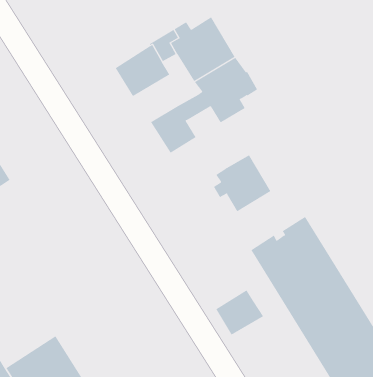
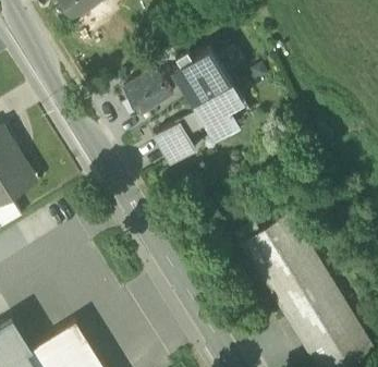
building: [213,155,271,212] -> none
building: [215,290,264,335] -> none

